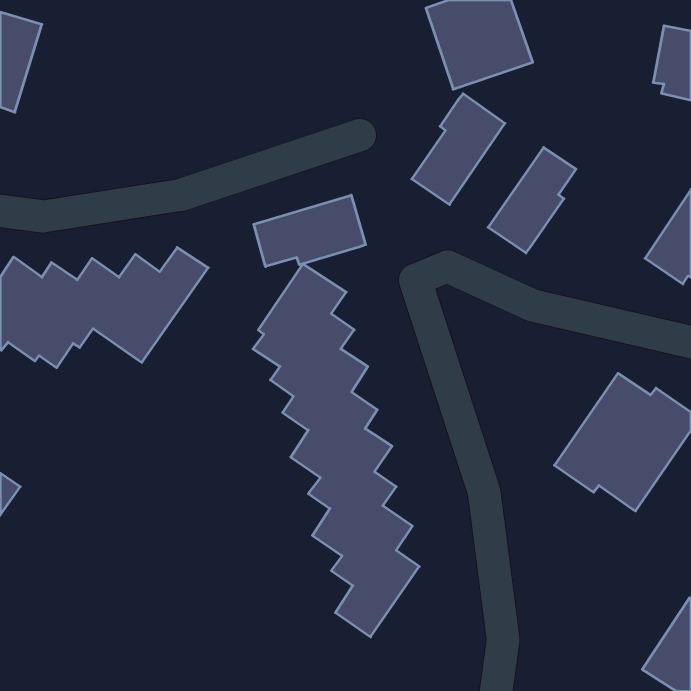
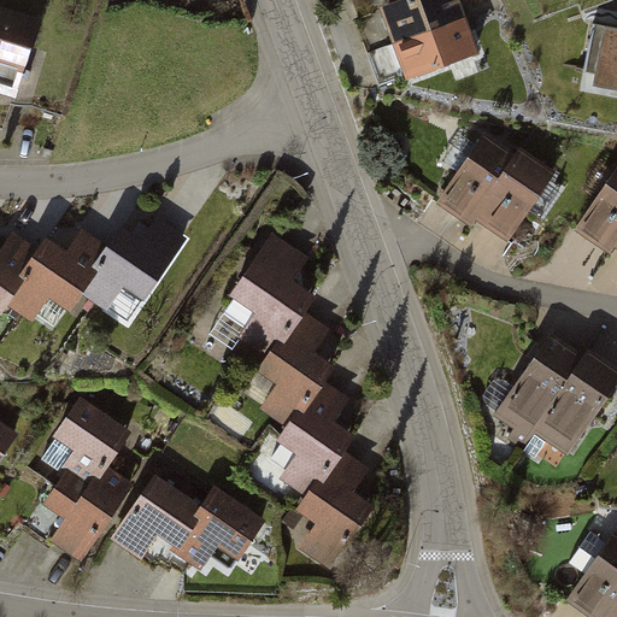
building: [412,94,505,205] -> [472,145,556,243]
building: [254,195,366,267] -> none
building: none -> [40,400,134,562]
building: none -> [110,477,265,576]

